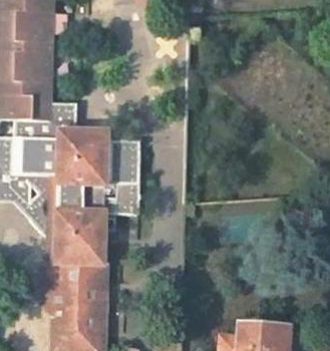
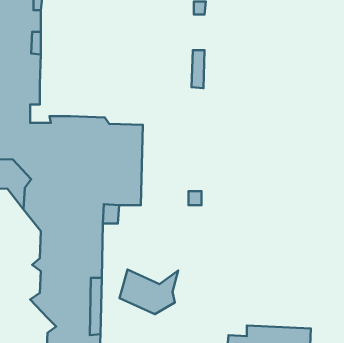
building: [38,102,76,138] -> none
building: none -> [119,270,178,314]

